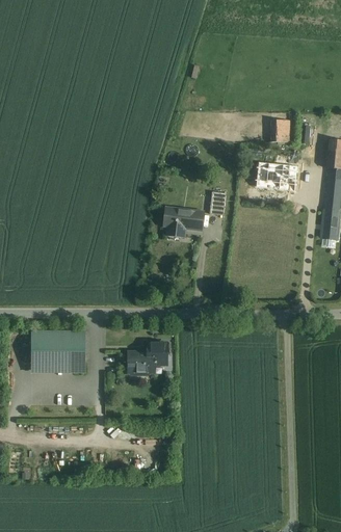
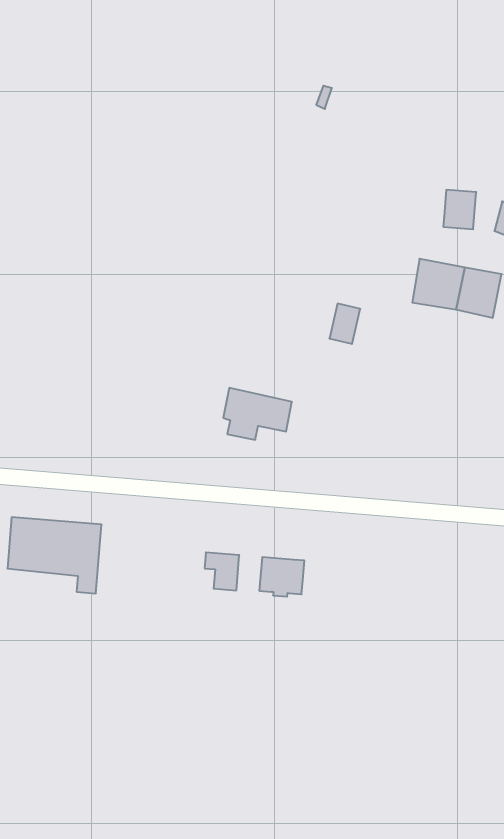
building: [164,207,204,236] -> [223,388,292,440]
building: [129,352,154,374] -> [259,557,304,597]

